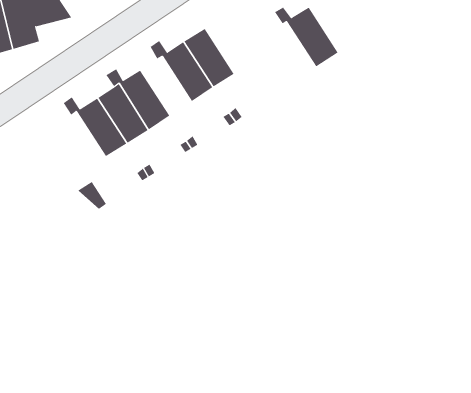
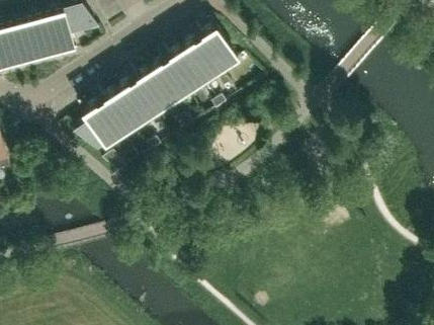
building: [274,7,339,67] -> [188,28,237,74]
building: none -> [149,61,187,105]
building: none -> [73,102,122,154]

